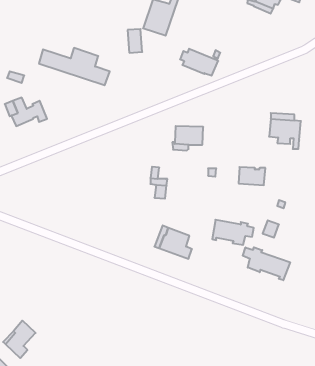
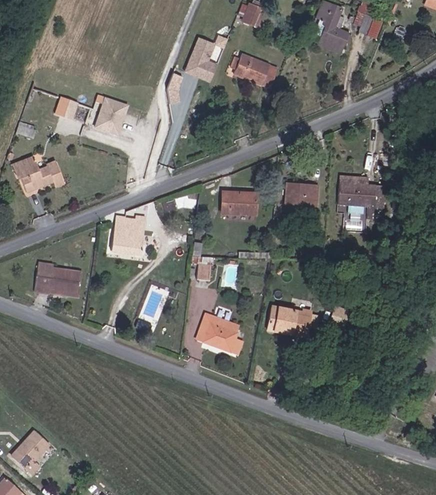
building: [180,49,218,76] -> [231,54,278,87]
building: none -> [111,216,146,255]
building: [239,167,265,185] -> [286,183,319,205]
building: none -> [35,262,81,293]
building: [243,247,290,280] -> none

